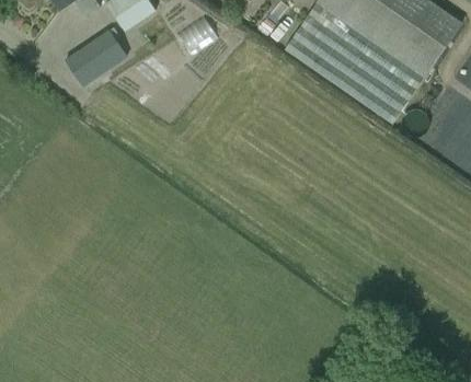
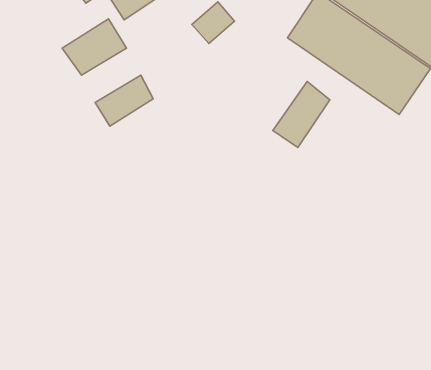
building: none -> [95,75,153,126]
building: none -> [273,82,330,147]

